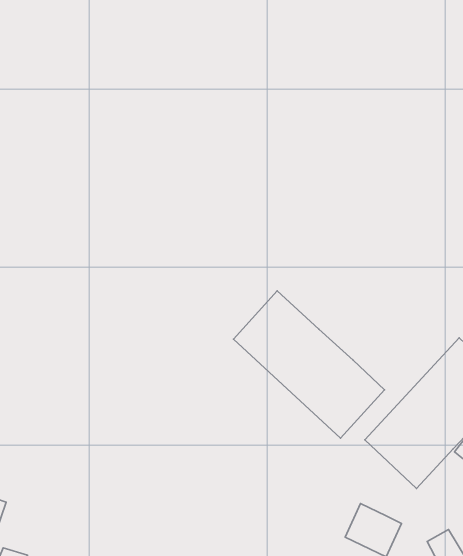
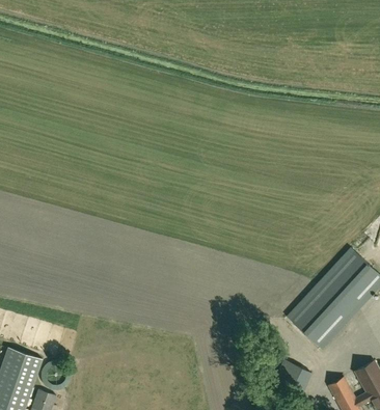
building: [233,291,384,438] -> none

